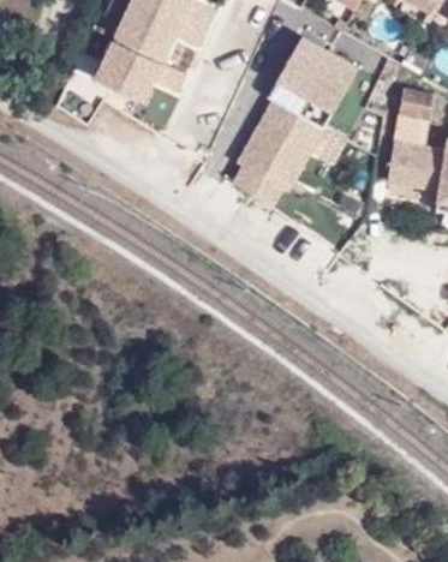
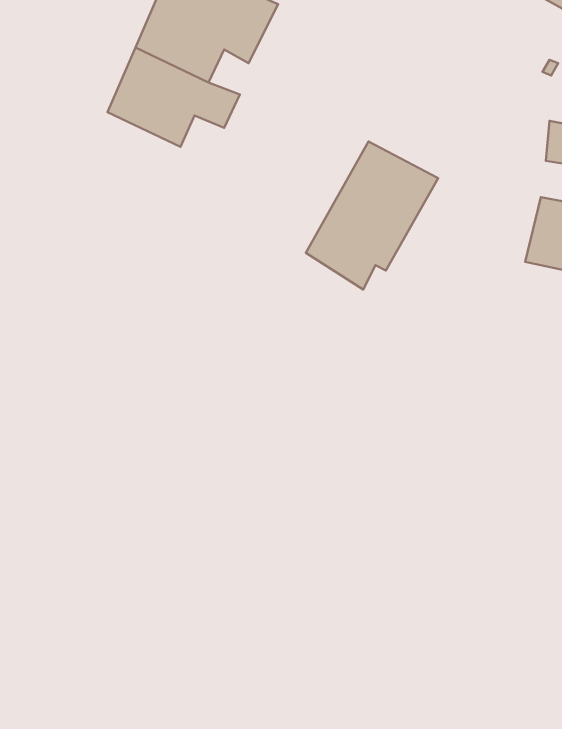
building: [274,29,360,108] -> none

